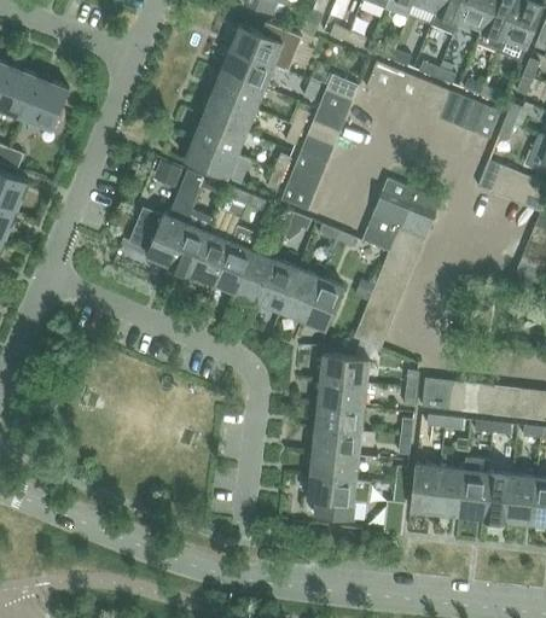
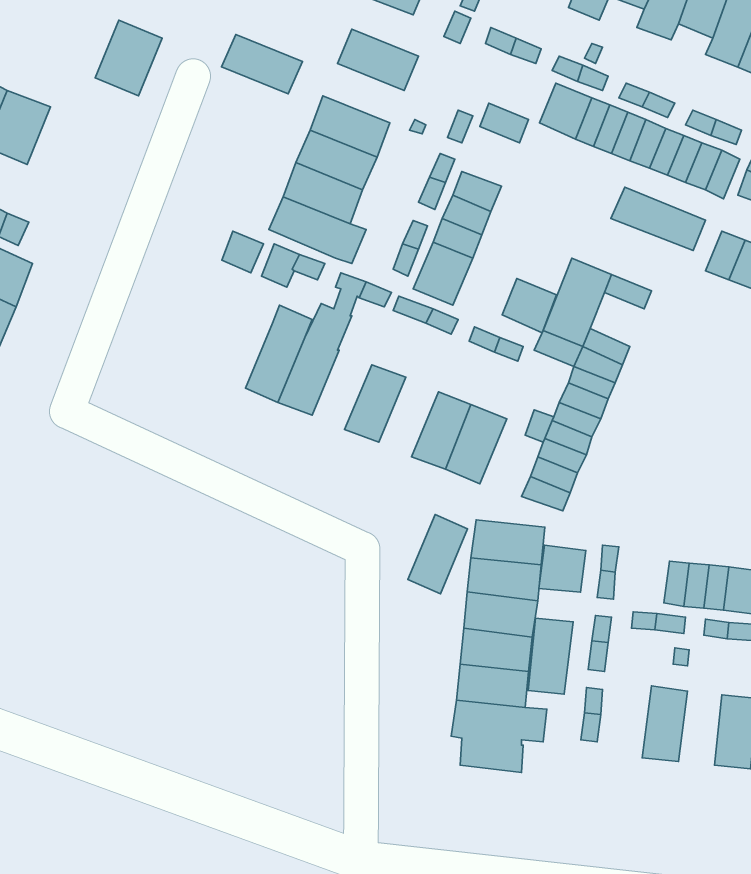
building: [221,48,275,88] -> [221,34,303,94]
building: [23,77,68,128] -> [95,20,162,96]
building: [314,91,353,130] -> none
building: none -> [611,187,706,250]
building: [400,202,436,238] -> [502,279,556,333]
building: [130,209,187,266] -> none
building: [214,226,260,293] -> none
building: [259,258,298,311] -> [408,514,468,594]
building: [422,378,453,409] -> [539,545,586,592]
building: [411,462,441,513] -> [528,618,573,694]
building: [459,468,488,518] -> none

